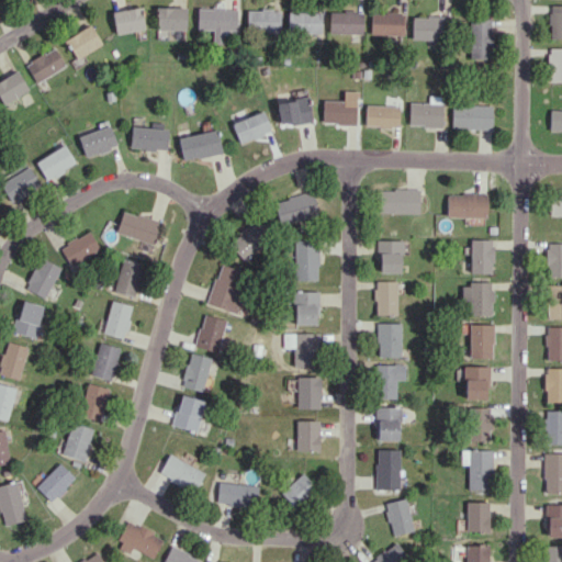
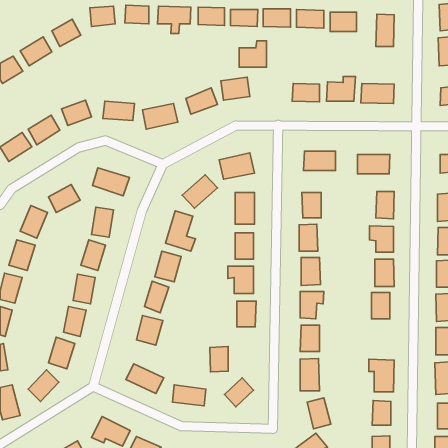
building: [324,92,358,125] -> [239,41,266,67]
building: [469,407,490,441] -> none
building: [296,420,319,452] -> [210,347,228,372]

